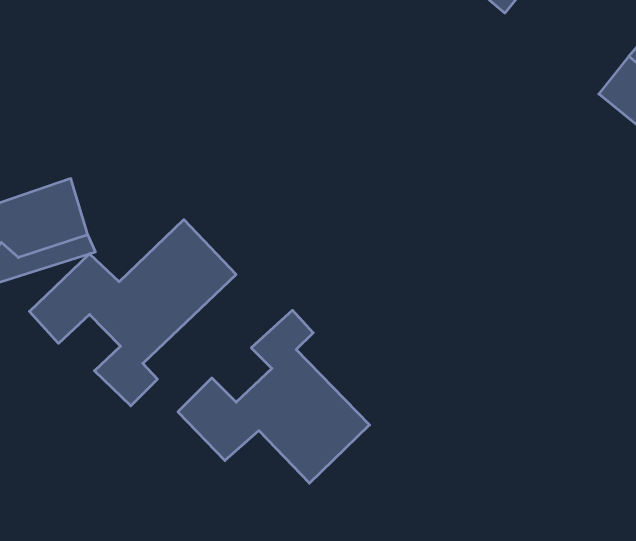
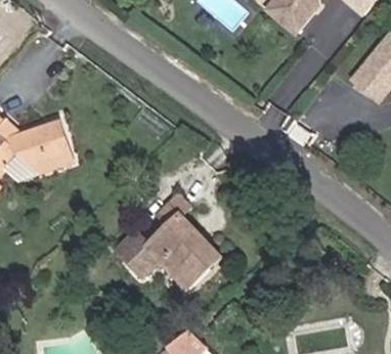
building: [29,220,236,406] -> none

